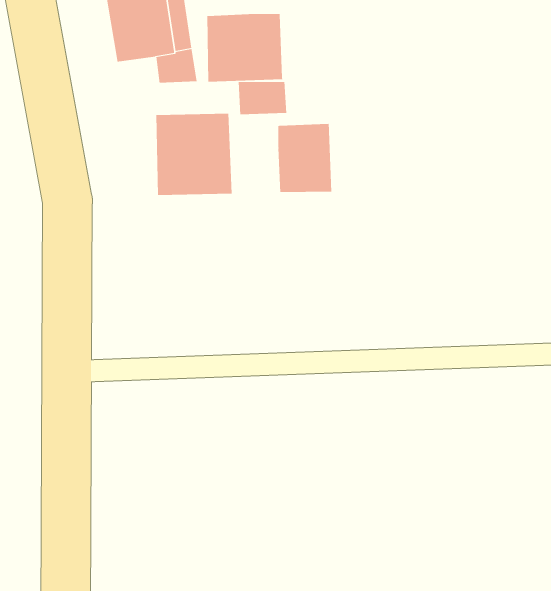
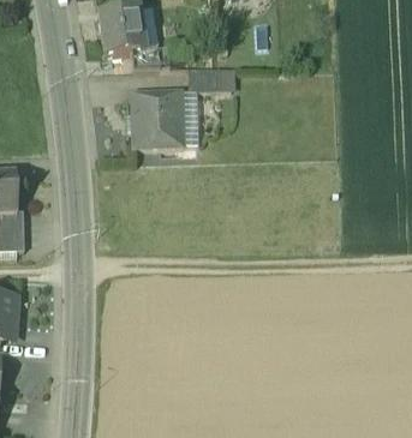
building: [207,13,283,83] -> none
building: [278,123,332,193] -> none

